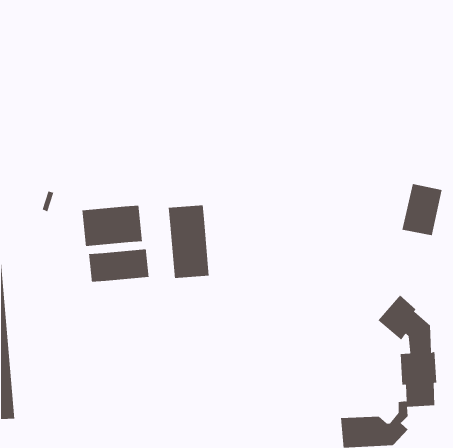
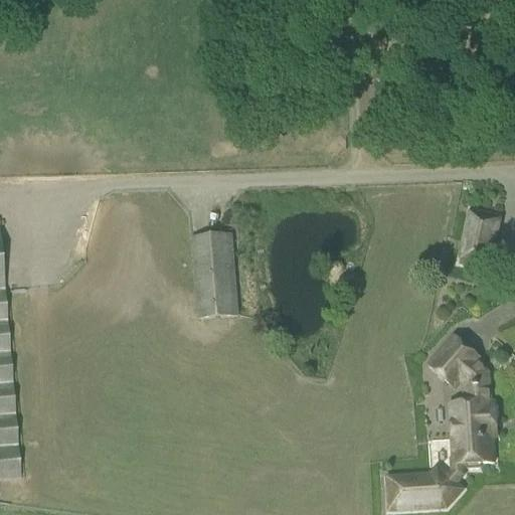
building: [82,205,142,247] -> none
building: [89,249,149,283] -> none

